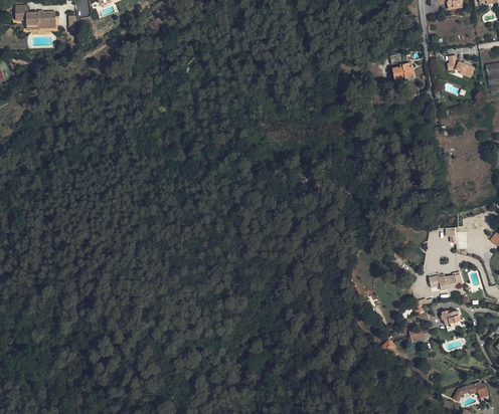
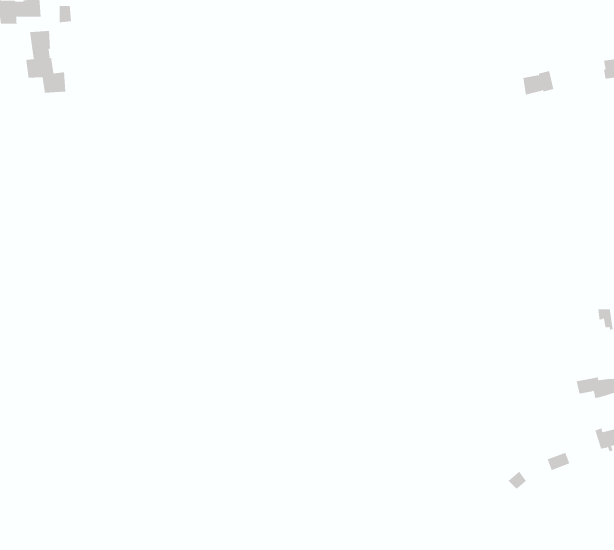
building: none -> [25,30,66,94]

